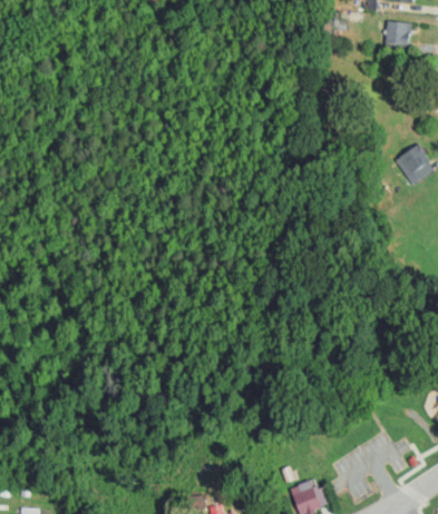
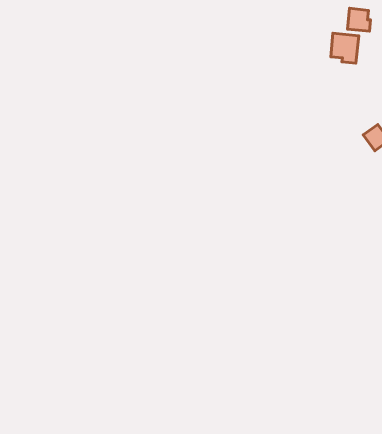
building: none -> [331,33,359,63]

